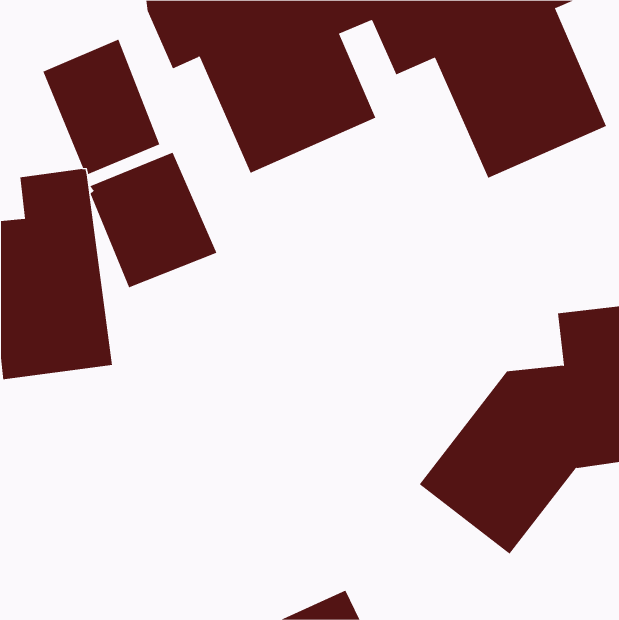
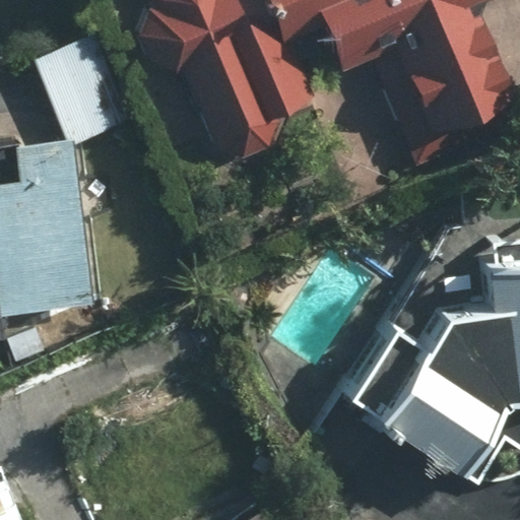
building: [89,152,217,288] -> none

